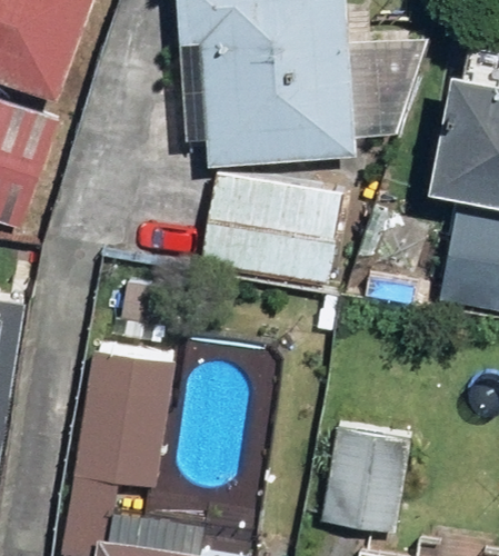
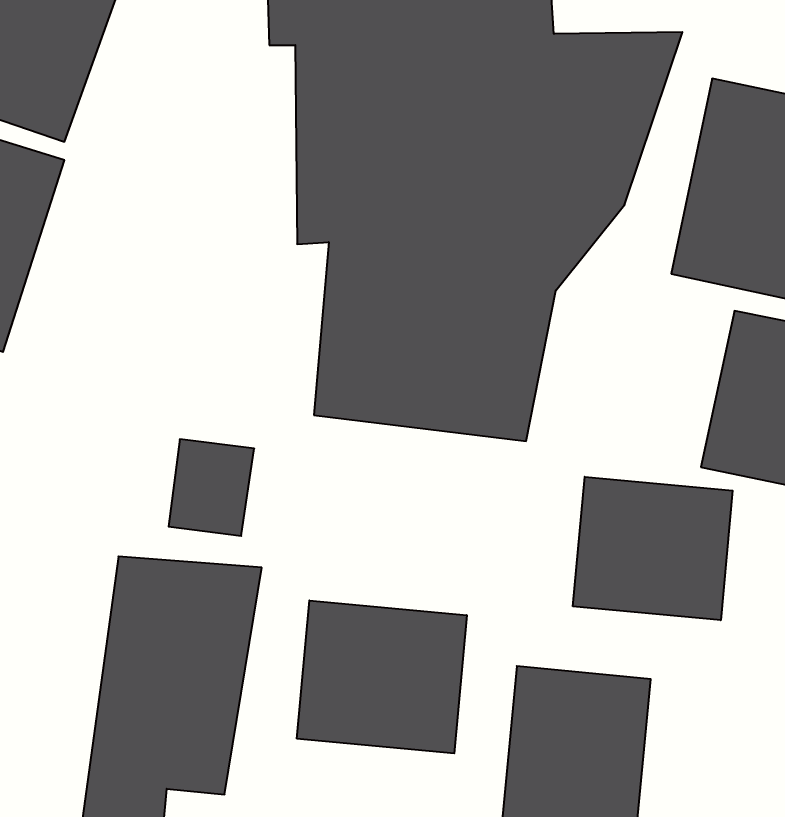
building: none -> [573,477,733,620]
building: none -> [297,600,467,753]

